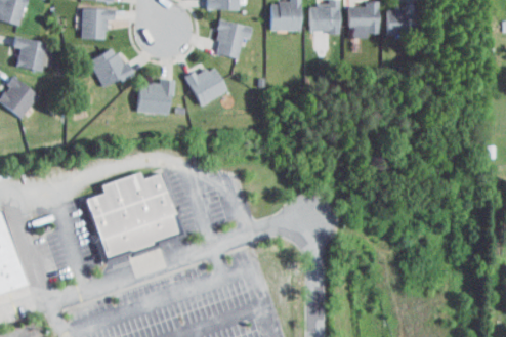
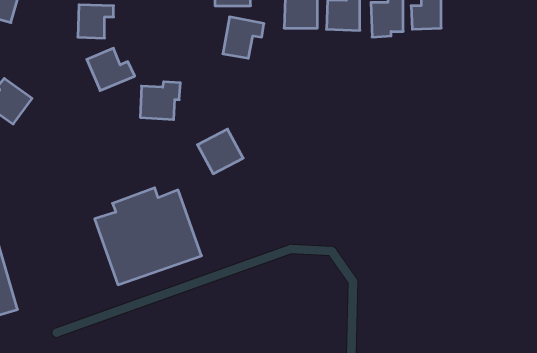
building: [12,37,46,71] -> none
building: [183,64,225,104] -> [197,129,243,174]

